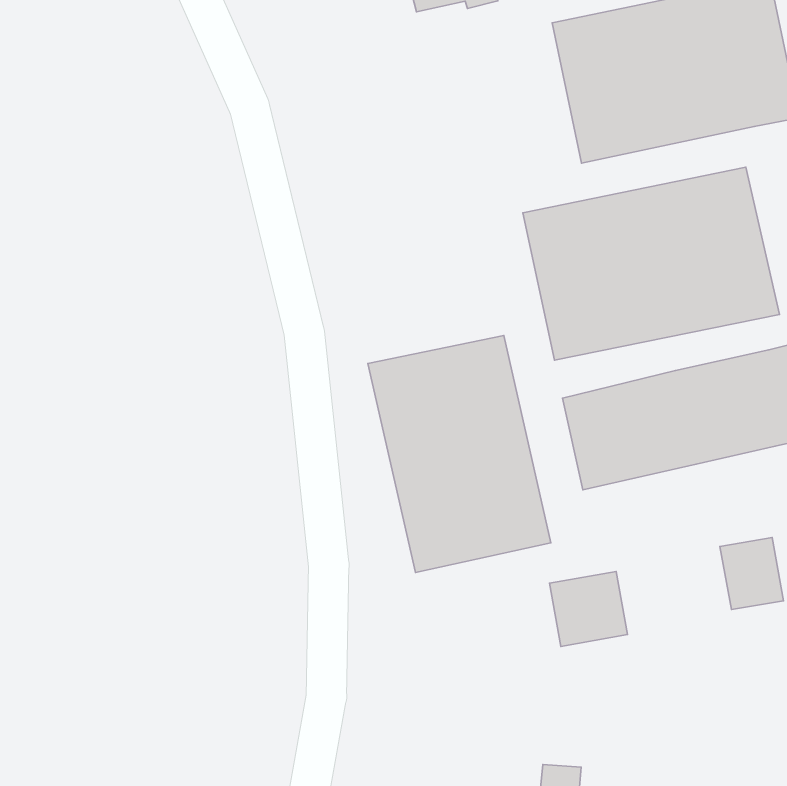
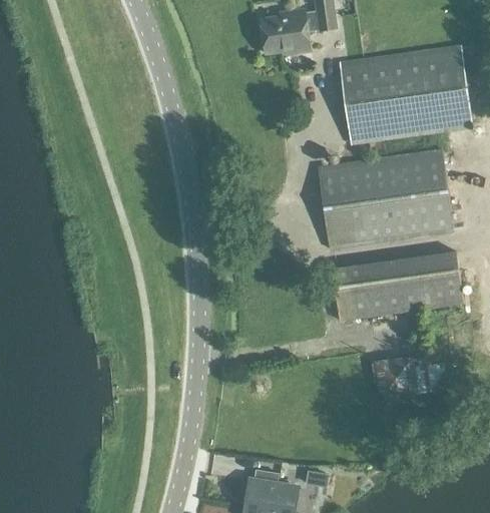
building: [368,336,551,572] -> none
building: [549,572,628,646] -> [376,358,417,397]

